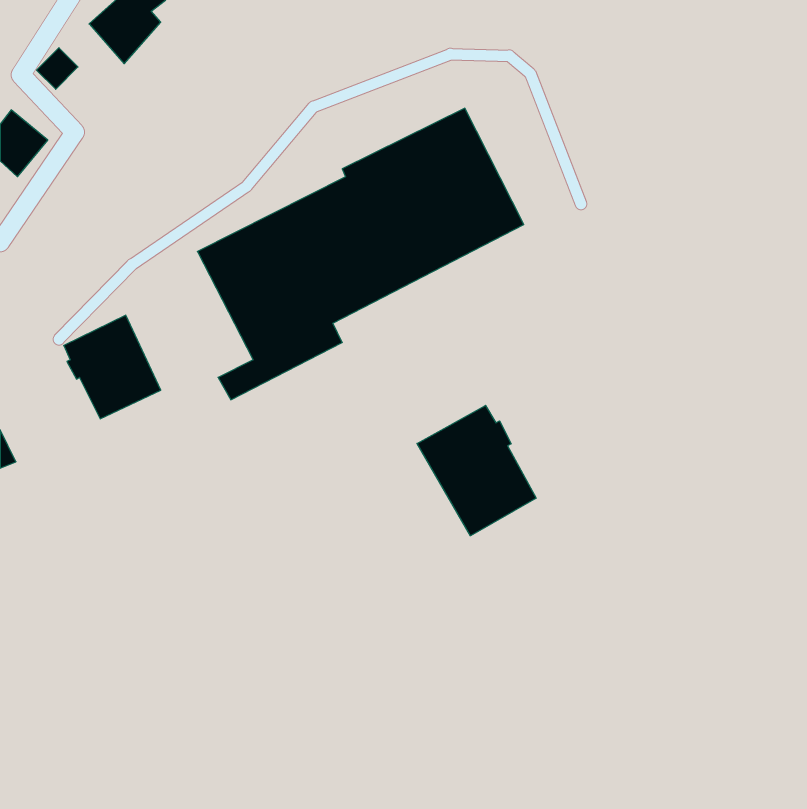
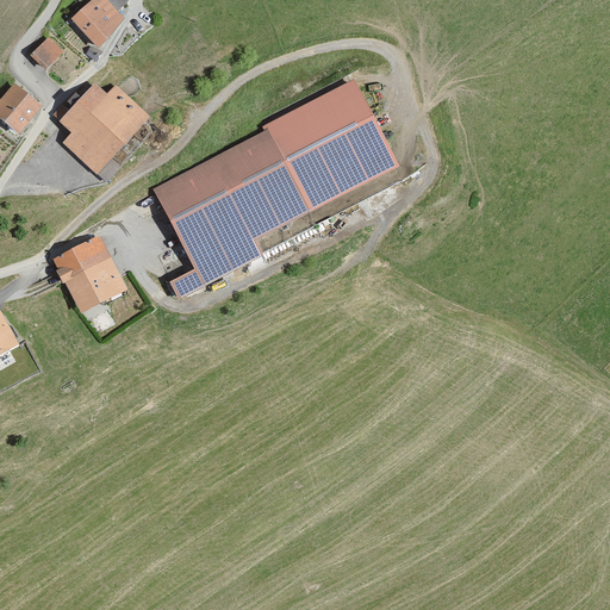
building: none -> [58,82,150,173]
building: [417,405,536,536] -> none

